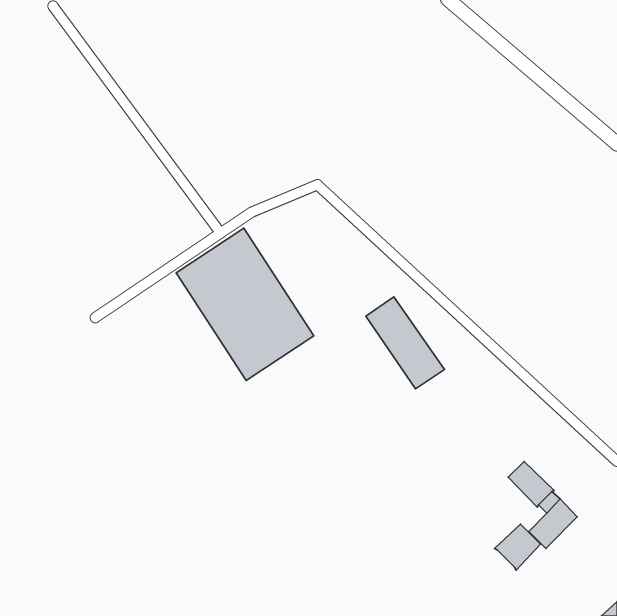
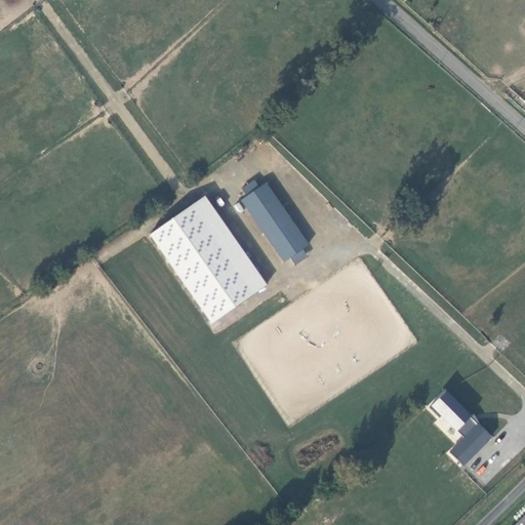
building: [366,297,444,389] -> [241,183,308,260]
building: [495,524,540,570] -> none

